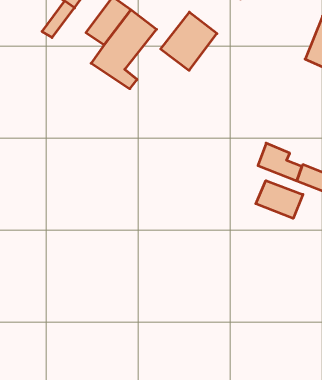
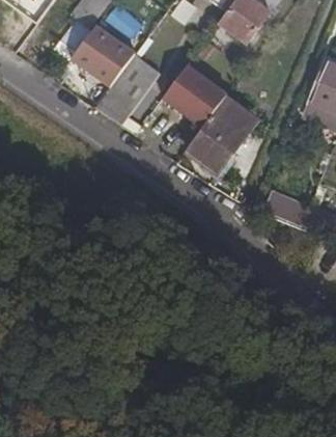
building: none -> [188,95,258,172]
building: [256,181,303,218] -> none

